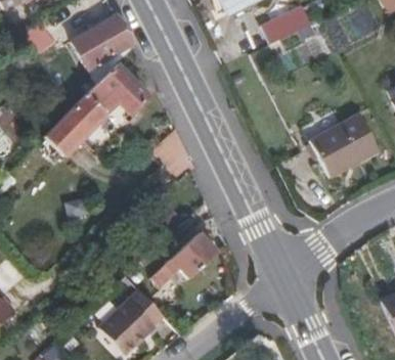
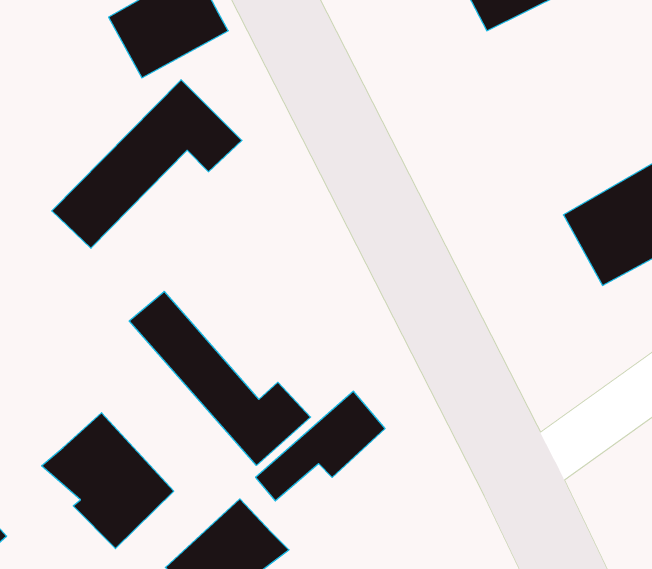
building: none -> [129,291,311,465]
building: none -> [42,413,174,549]

